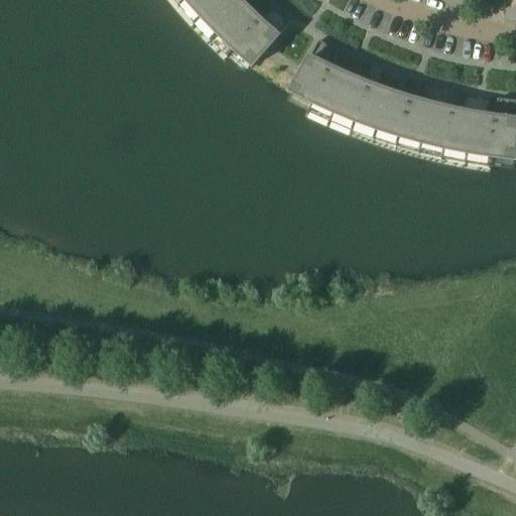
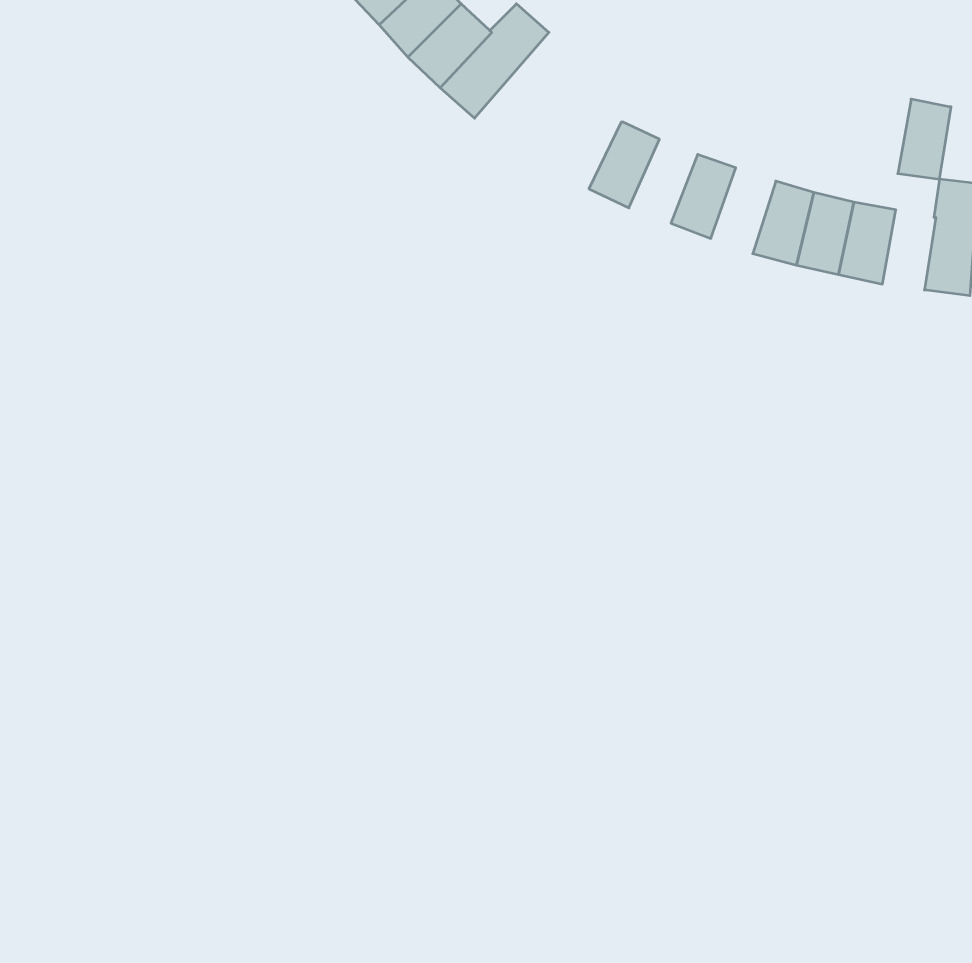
building: [291,36,340,100] -> none
building: [334,74,370,118] -> none
building: [377,89,411,134] -> none
building: [468,111,496,153] -> [898,99,951,179]

